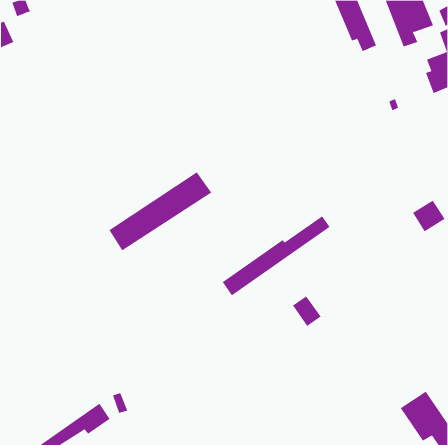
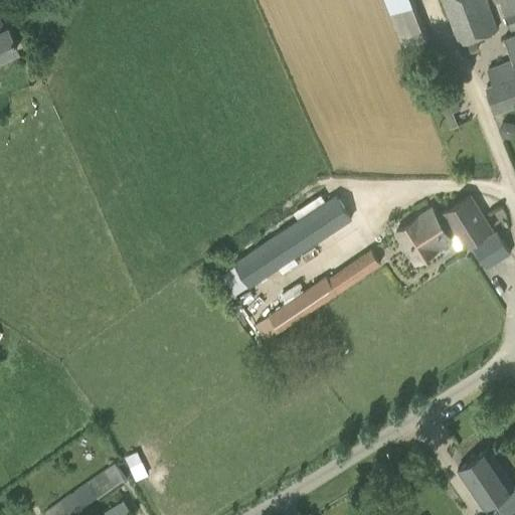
building: none -> [397,198,492,264]
building: [109,171,212,251] -> [234,196,353,288]
building: [292,295,321,327] -> none

